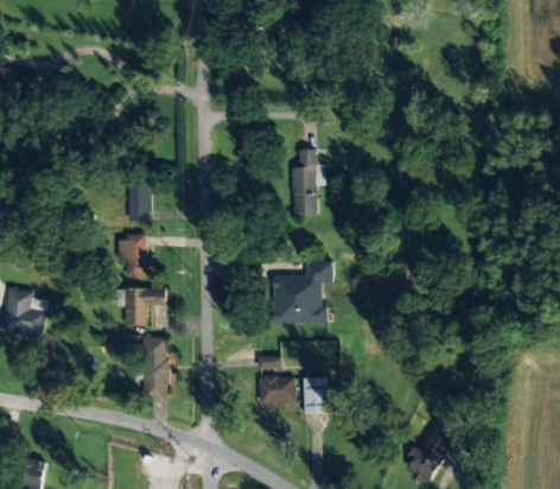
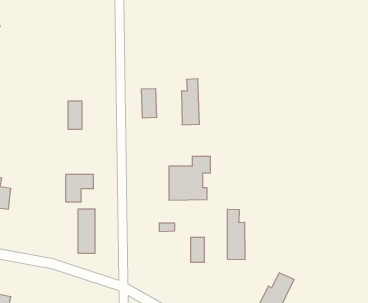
building: none -> [141,88,157,118]
building: [119,235,148,277] -> none
building: none -> [228,209,245,260]
building: [260,376,295,402] -> none

